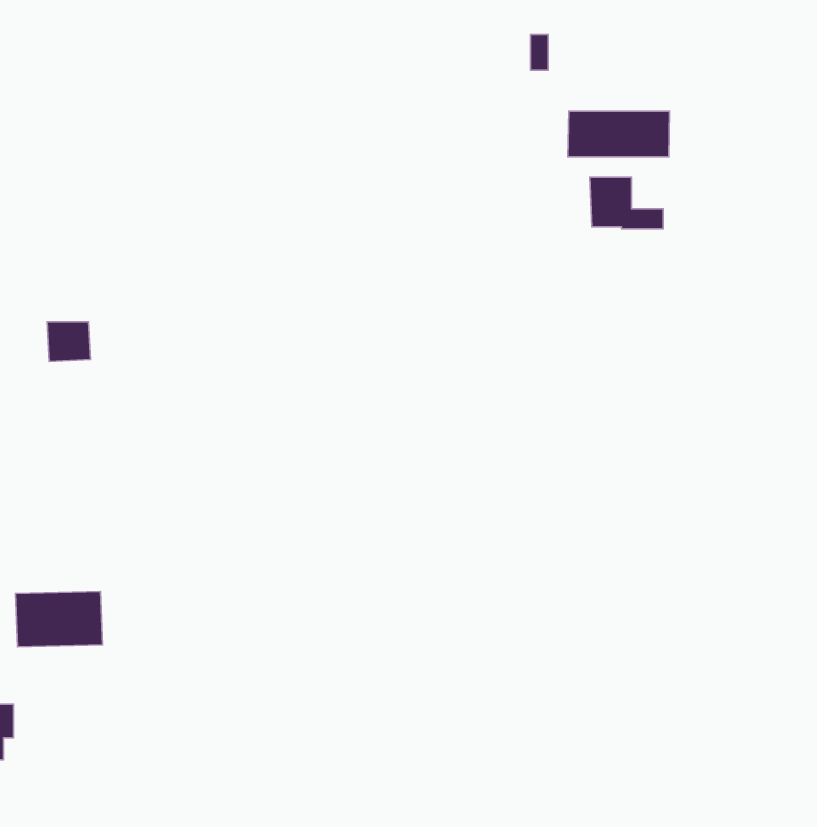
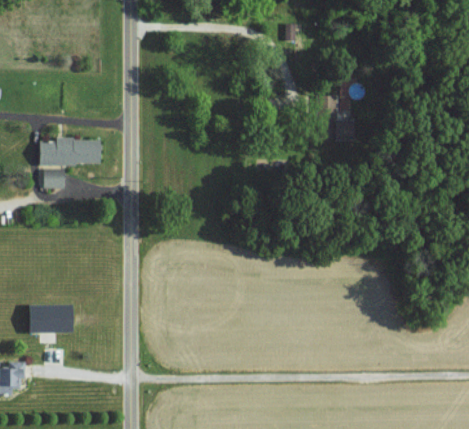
building: [568,111,670,157] -> none
building: none -> [38,139,100,165]

